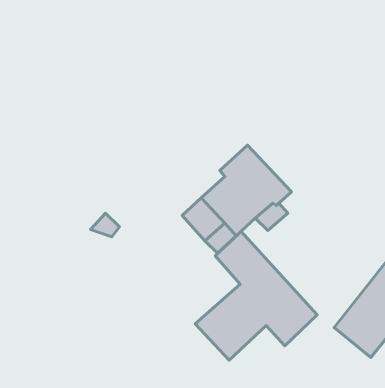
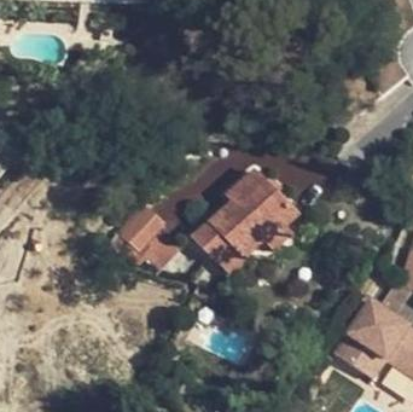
building: none -> [114,198,180,269]
building: [195,231,317,360] -> none

